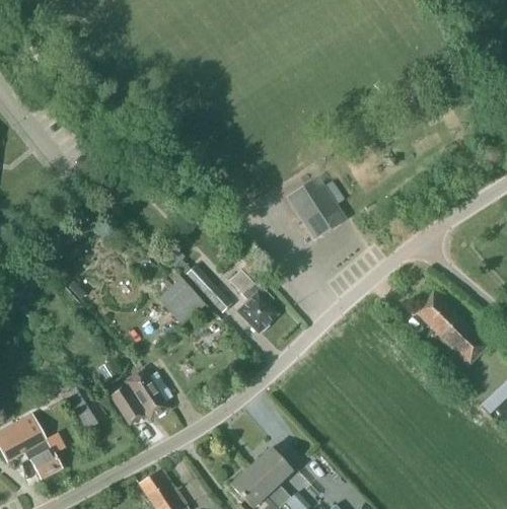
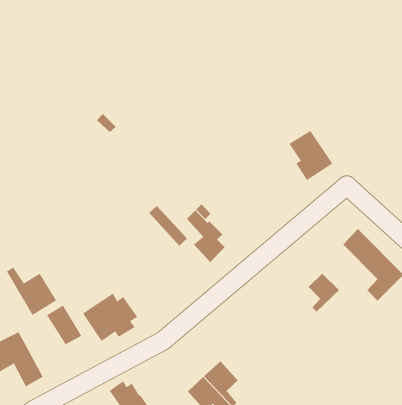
building: [293,179,346,239] -> [289,130,333,181]
building: [157,277,205,325] -> none
building: none -> [6,266,57,316]
building: none -> [308,273,340,313]

